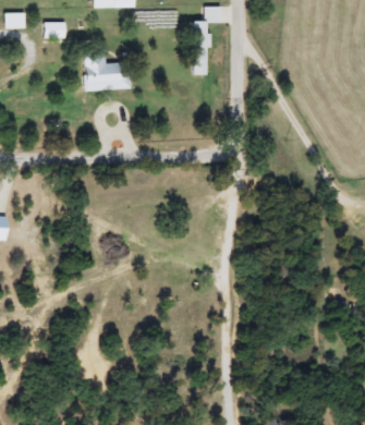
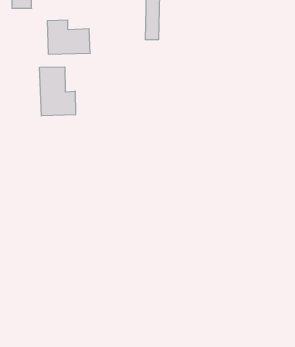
building: none -> [40,67,75,116]

